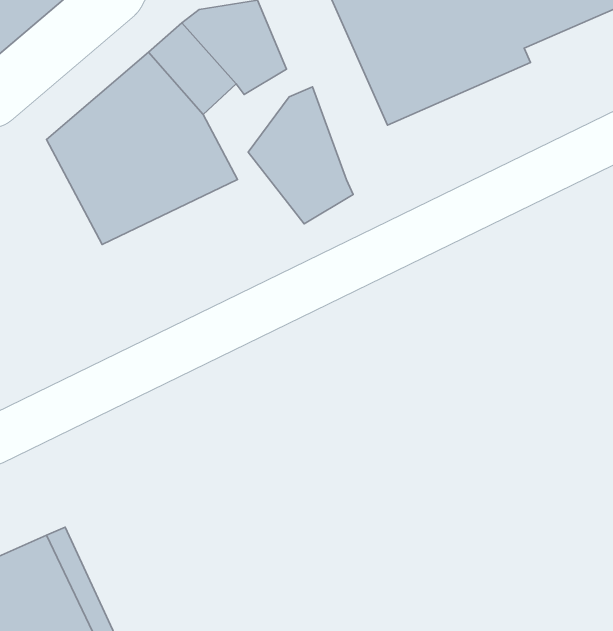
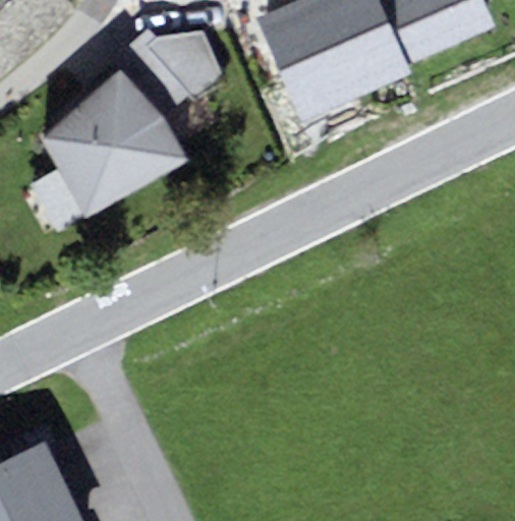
building: [248,87,353,224] -> none

